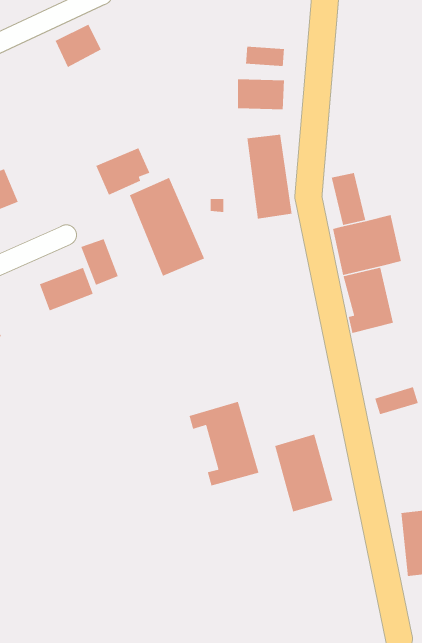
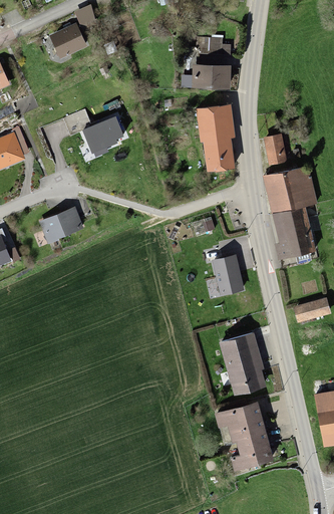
building: [129,177,205,277] -> none
building: [80,238,119,286] -> none
building: none -> [213,253,245,295]
building: [189,401,260,486] -> [217,403,271,468]

